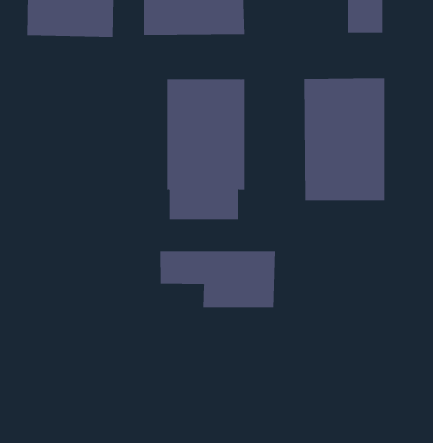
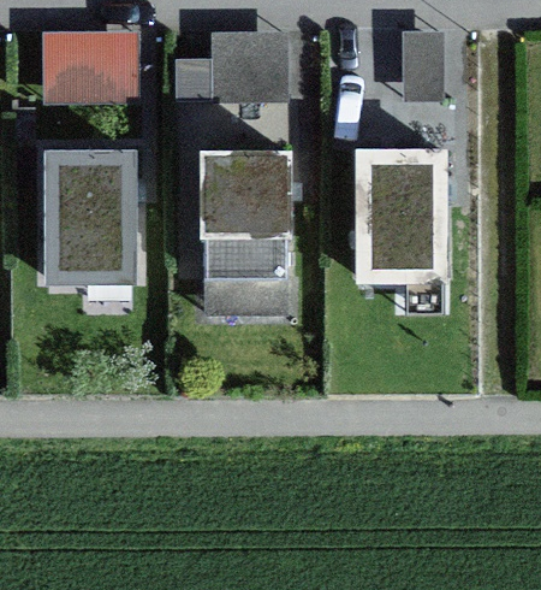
building: none -> [42,151,138,288]
building: [160,251,276,308] -> none

